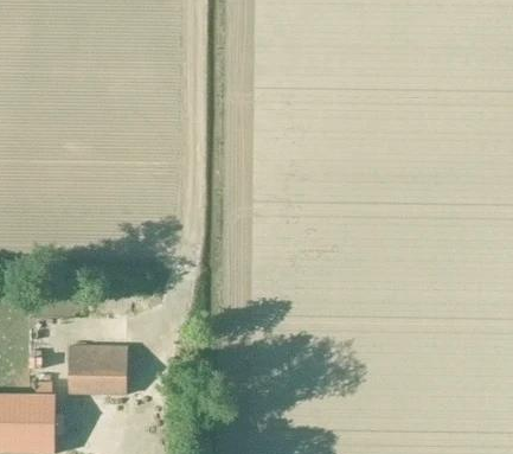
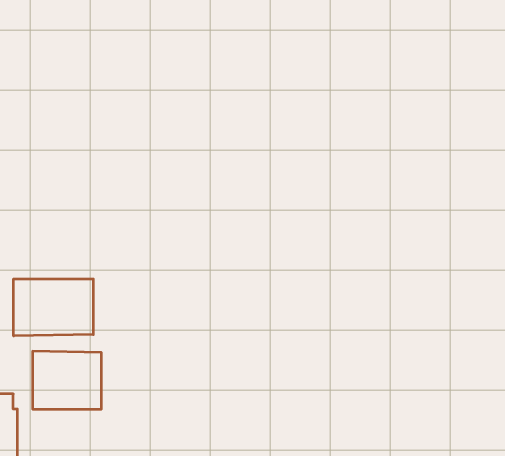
building: none -> [14,279,93,336]

